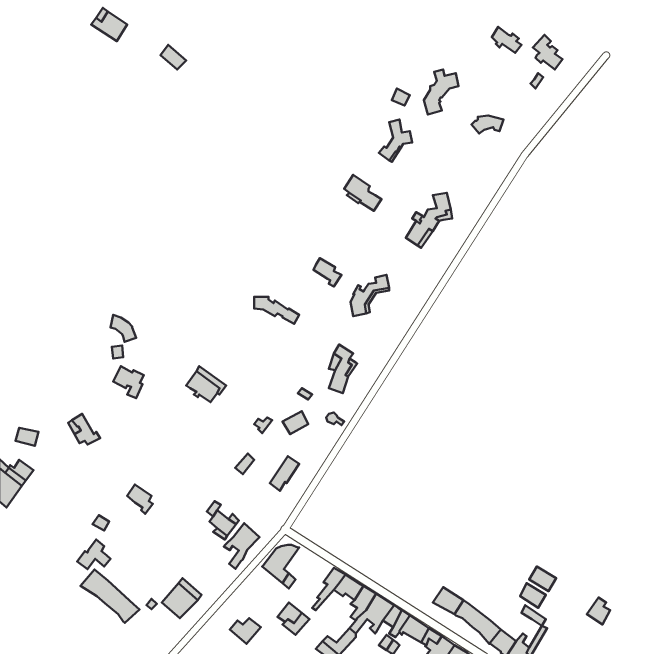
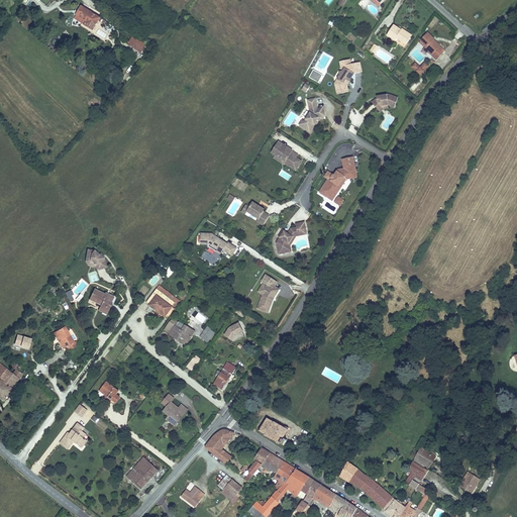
building: none -> [164,318,192,345]
building: [224,523,259,569] -> none
building: none -> [260,417,289,444]
building: [80,570,140,623] -> none

